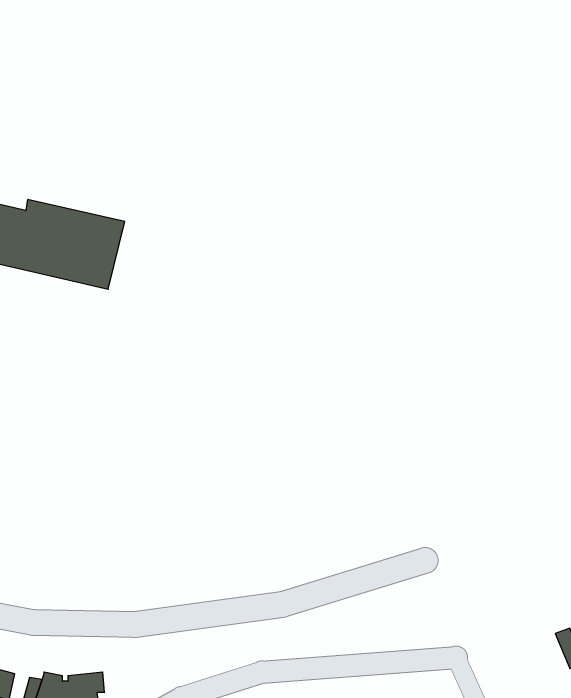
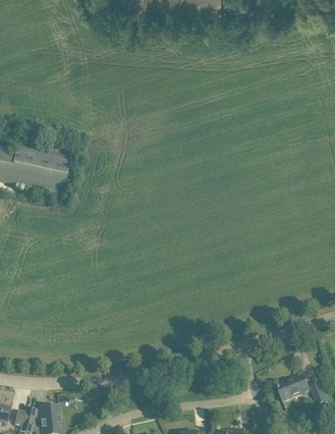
building: none -> [276,374,309,399]

